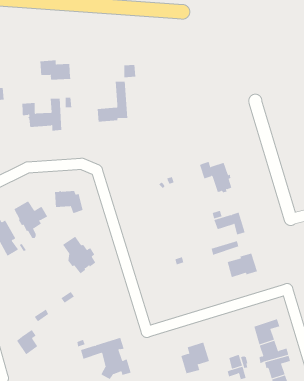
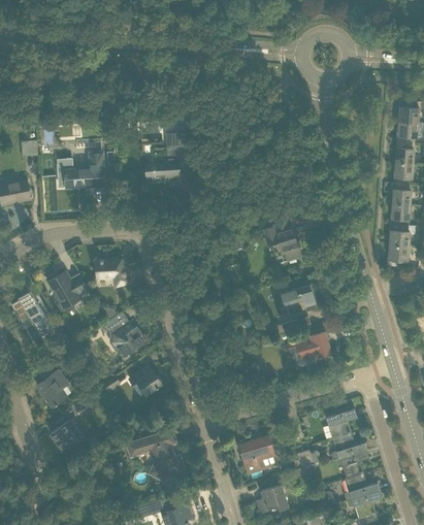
building: [40,59,71,81] -> none
building: none -> [129,368,161,394]
building: none -> [37,370,67,406]

